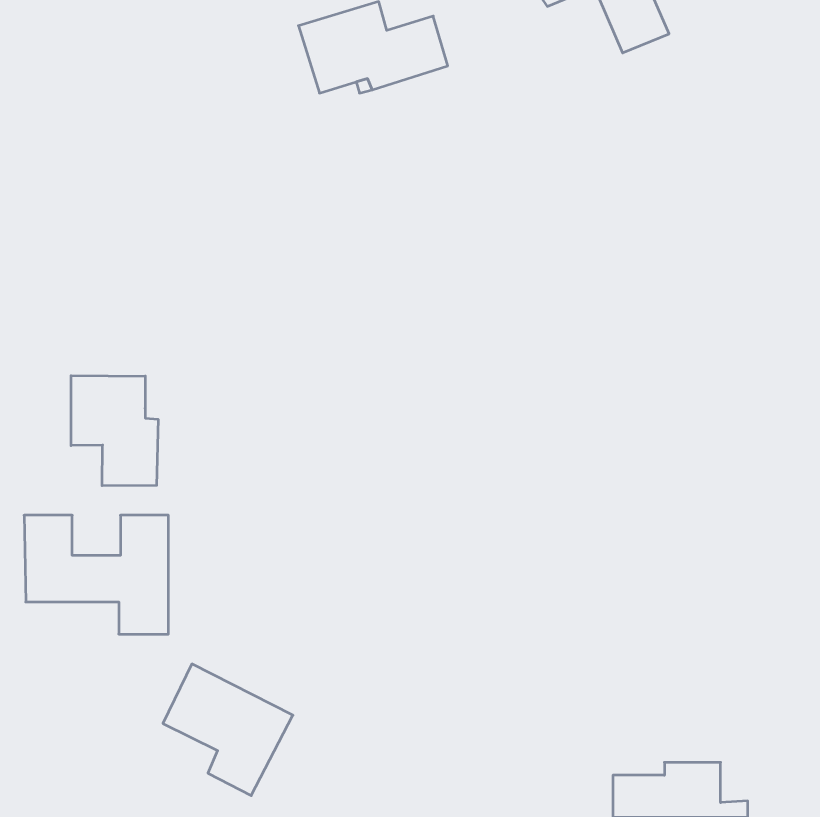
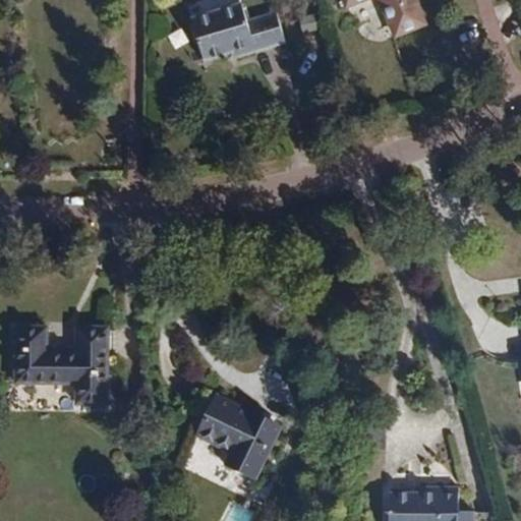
building: [71,376,158,486] -> none
building: [163,664,293,796] -> [197,395,280,478]

